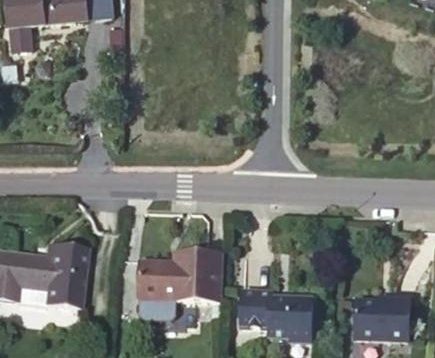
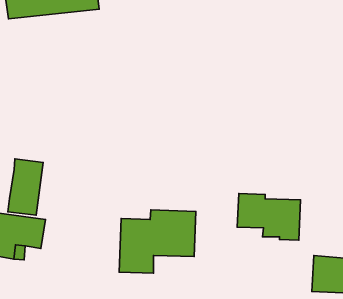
building: [45,245,85,309] -> [8,159,43,215]
building: [240,290,312,343] -> [237,194,300,240]

